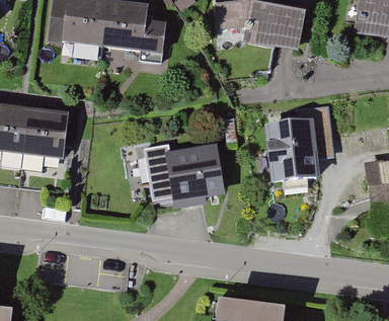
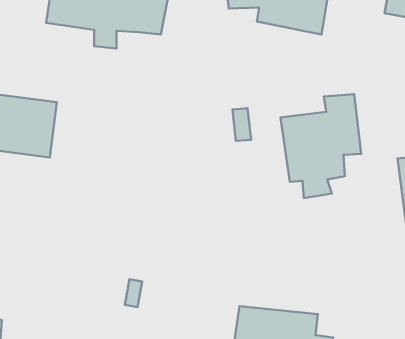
building: [161,146,222,213] -> none

